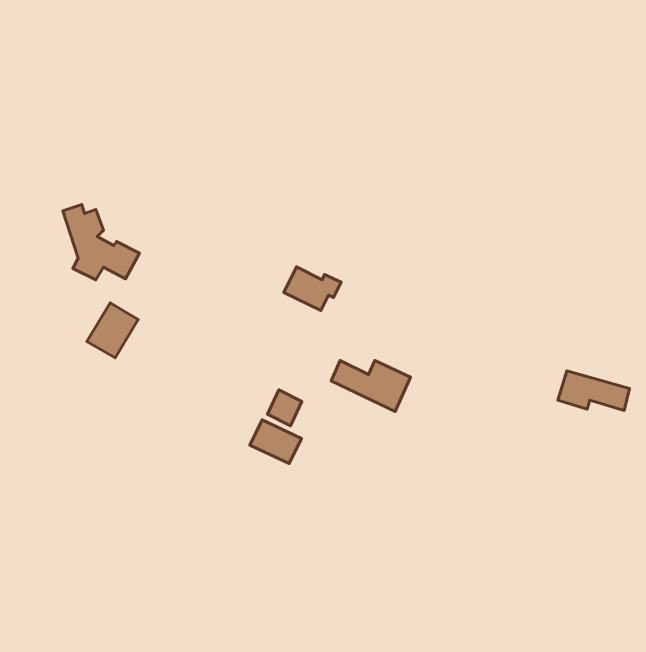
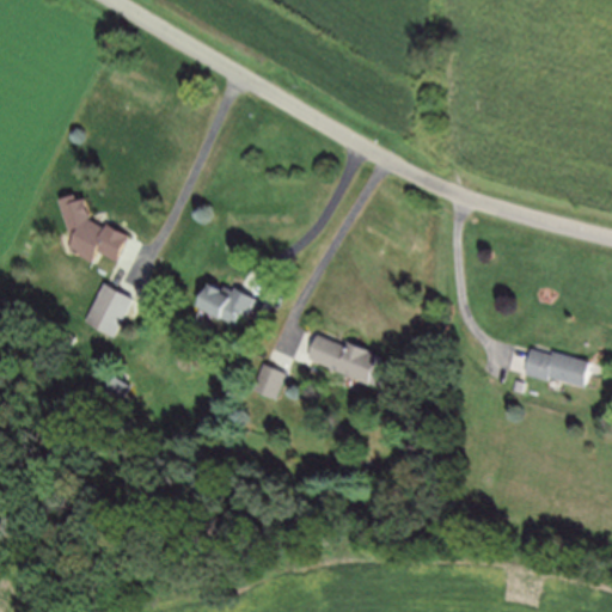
building: [284,267,341,310] -> [201,283,255,324]
building: [250,420,301,464] -> none

